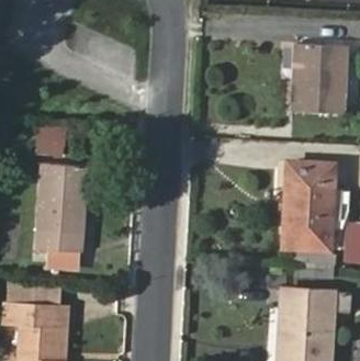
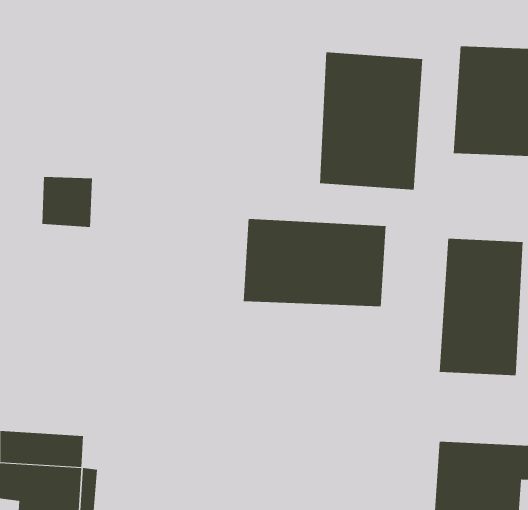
building: none -> [320,52,423,190]
building: none -> [243,218,386,307]
building: [36,165,88,252] -> none

